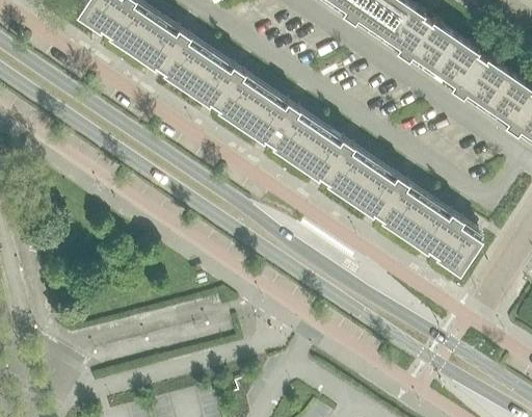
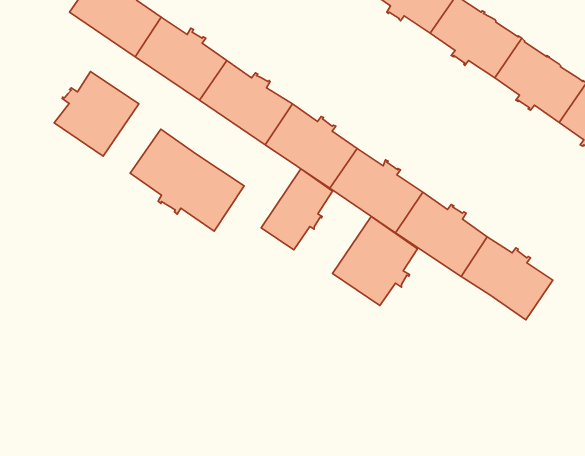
building: none -> [54,71,139,156]
building: none -> [130,129,244,231]
building: none -> [261,169,333,250]
building: none -> [333,217,417,305]

